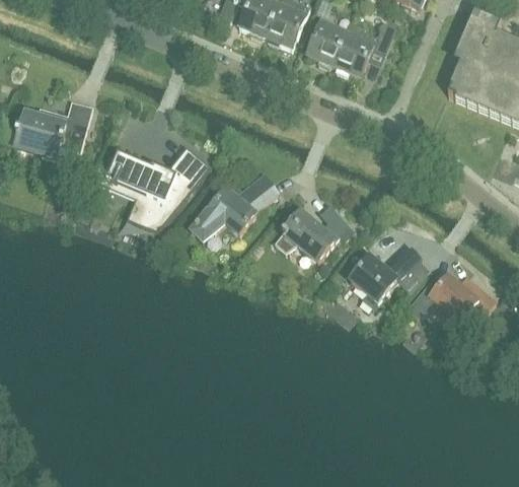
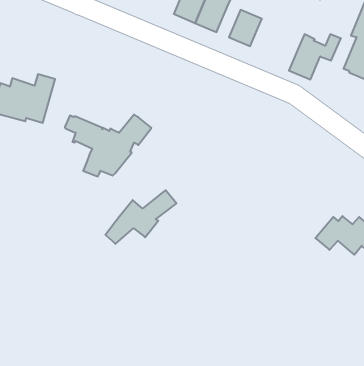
building: [332,20,396,76] -> [289,34,341,80]
building: [191,175,278,240] -> [105,190,176,244]
building: [275,209,354,261] -> none
building: [350,249,421,305] -> none

